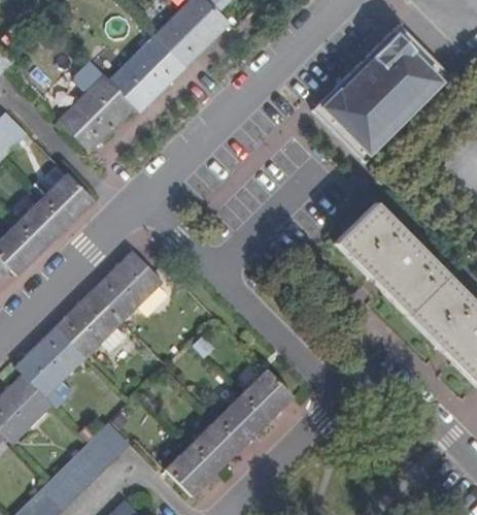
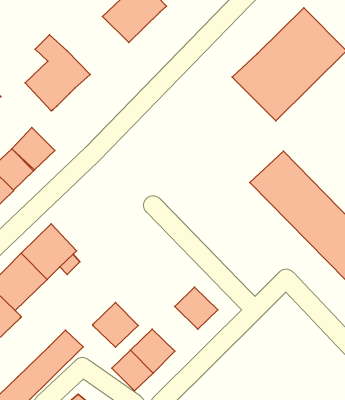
building: [110,36,185,110] -> none
building: [91,249,164,323] -> none
building: [214,391,270,446] -> [93,303,138,347]

